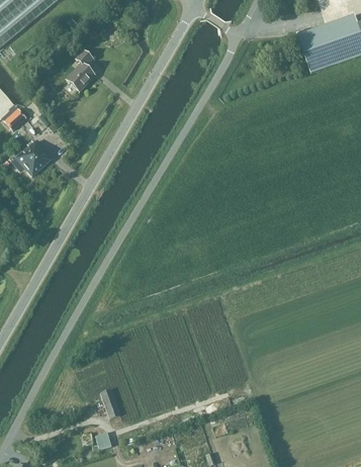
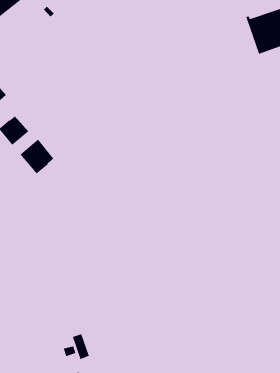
building: [67,50,95,91] -> none
building: none -> [19,139,54,175]

